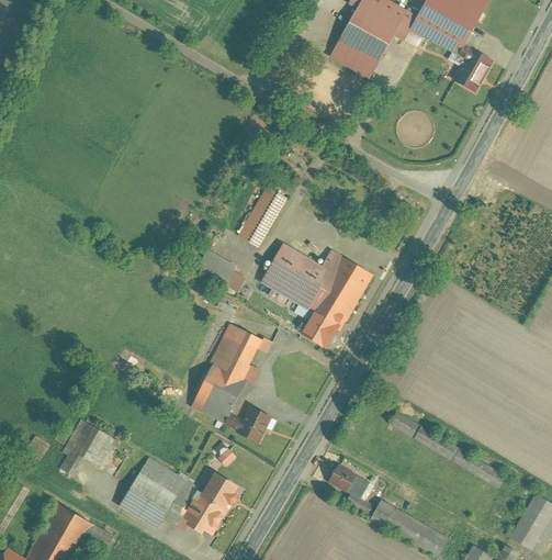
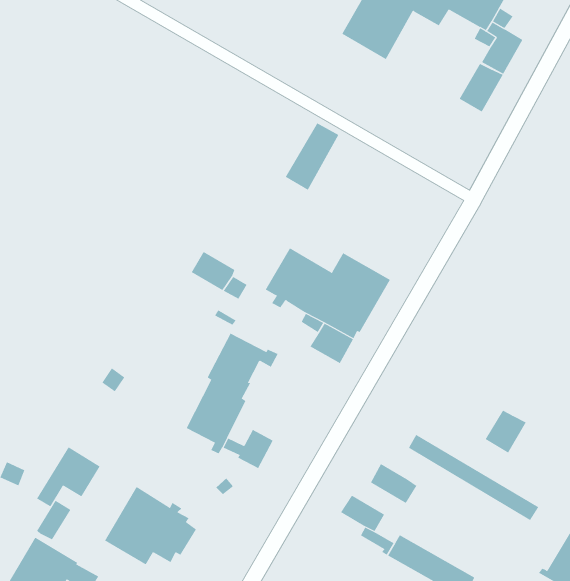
building: none -> [459,63,503,113]
building: [237,186,285,246] -> [285,122,339,190]
building: none -> [485,410,527,453]
building: none -> [370,463,417,504]
building: none -> [36,500,71,540]
building: [187,472,236,533] -> none

